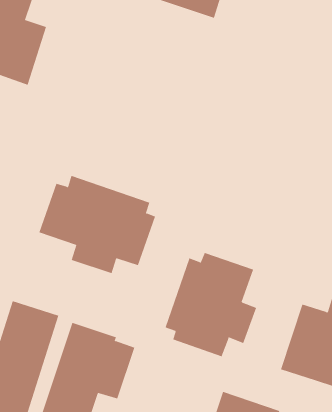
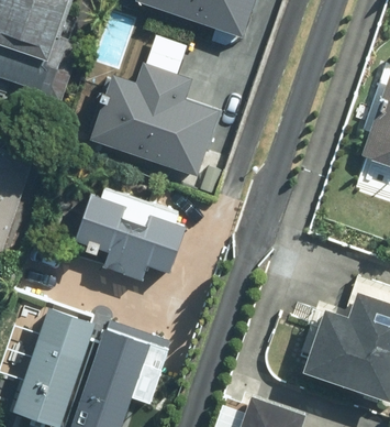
building: none -> [90,63,220,176]
building: [165,252,257,357] -> none

